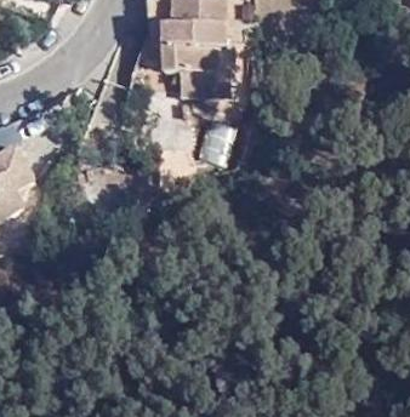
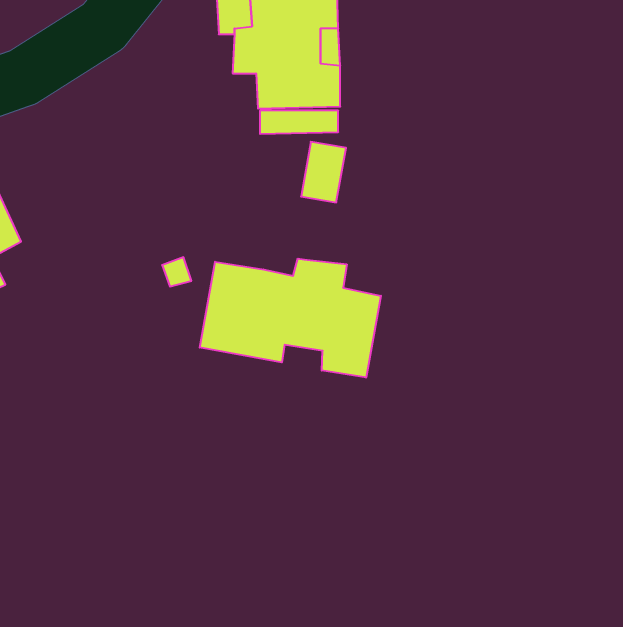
building: none -> [200,259,381,378]

